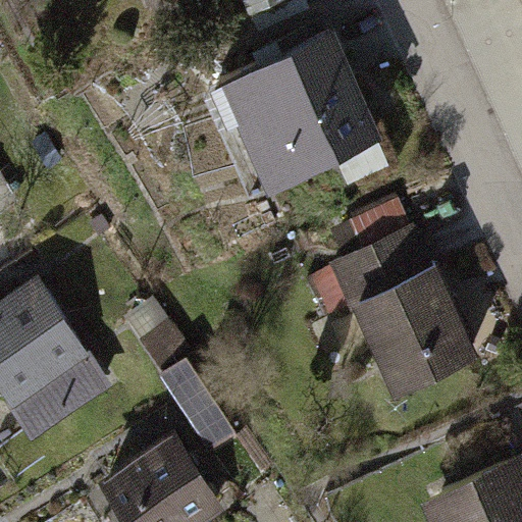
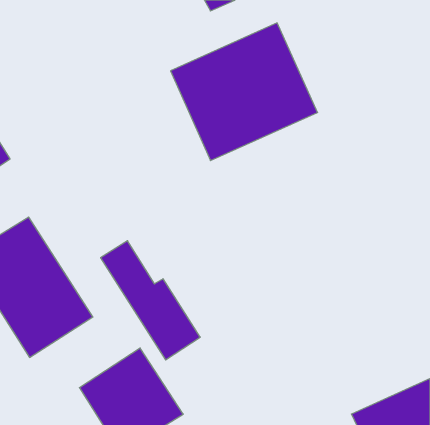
building: [329,204,481,403] -> none

